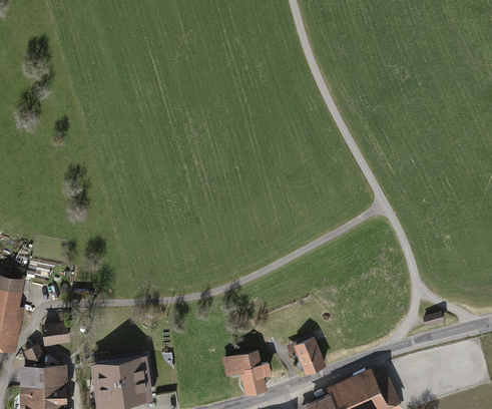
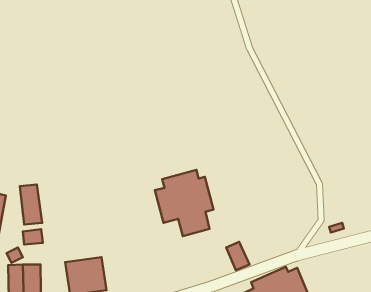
building: none -> [155,170,213,236]
building: none -> [20,184,42,225]
building: [223,352,266,394] -> none

